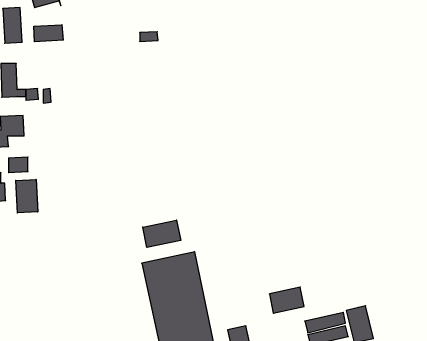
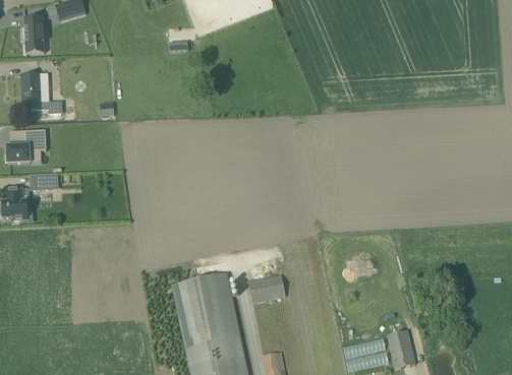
building: [34,25,63,42] -> none
building: [16,179,38,213] -> none
building: [143,220,181,247] -> none
building: [269,287,304,313] -> [248,275,285,303]

